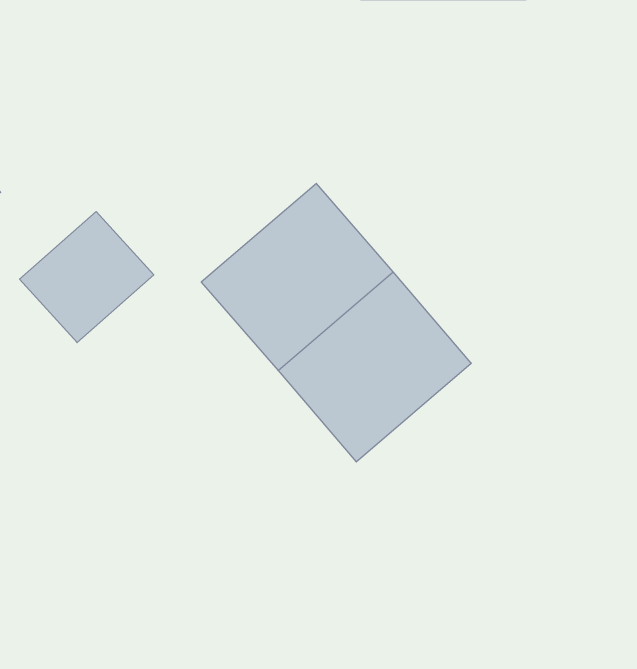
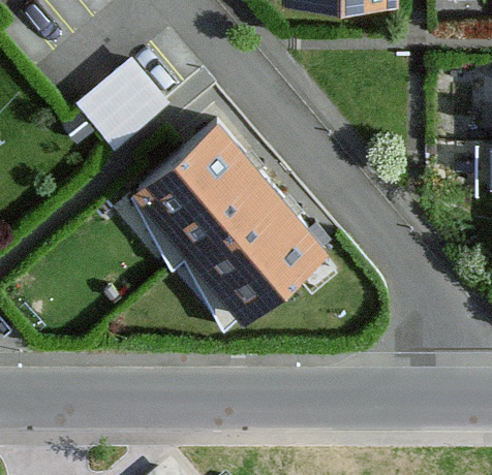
building: [20,212,154,343] -> [68,57,162,149]

